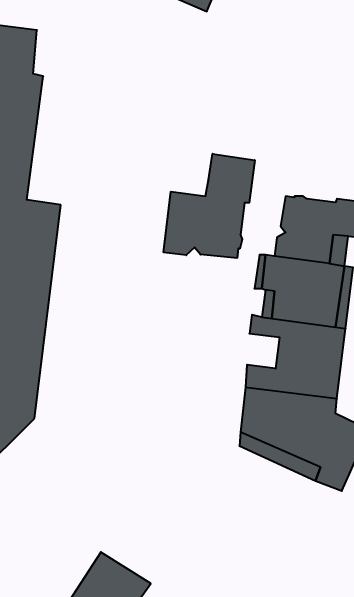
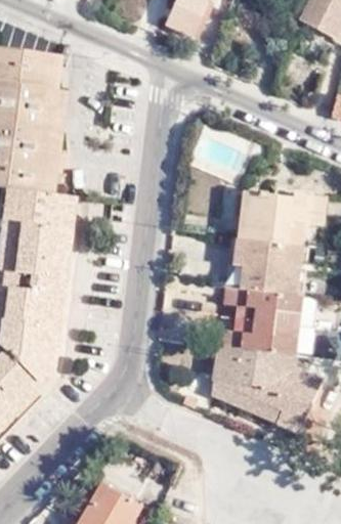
building: [164,154,255,258] -> none

